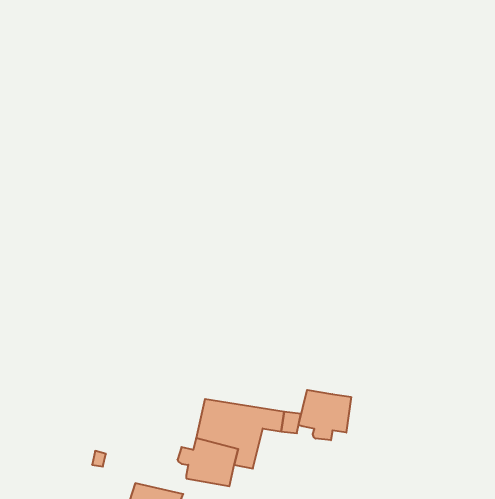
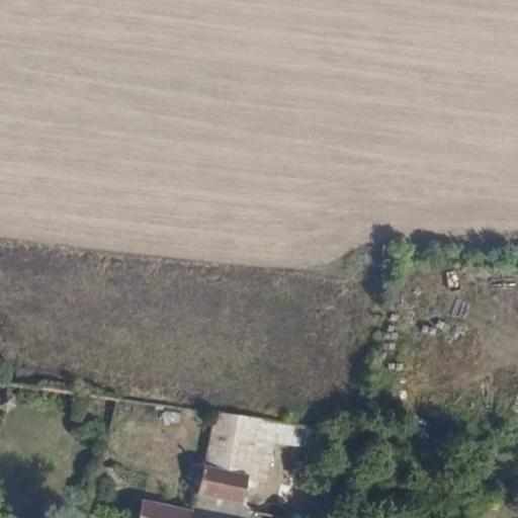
building: [299,390,351,440] -> none

